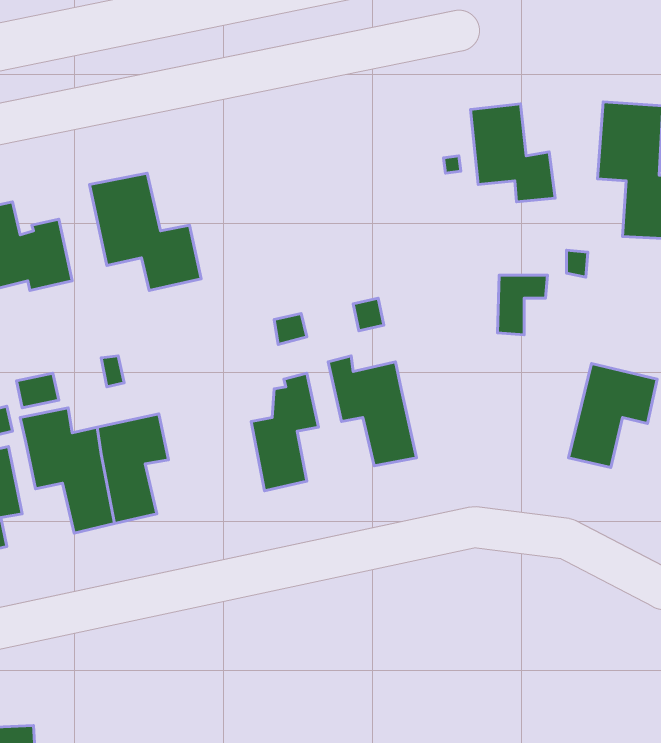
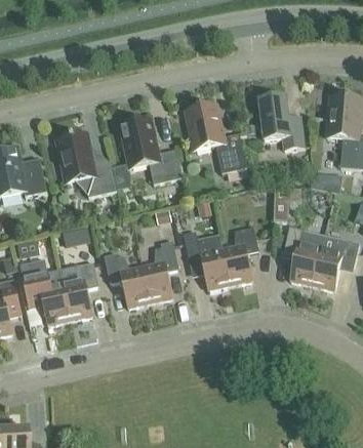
building: none -> [186,105,246,172]
building: none -> [120,119,181,184]
building: none -> [223,227,258,285]
building: none -> [284,227,324,285]
building: none -> [104,252,150,307]

